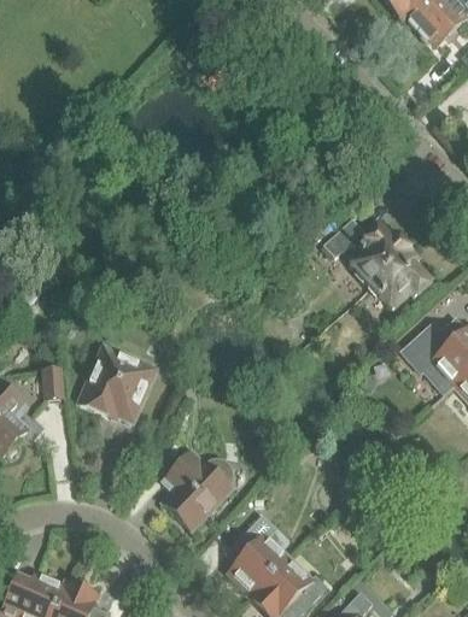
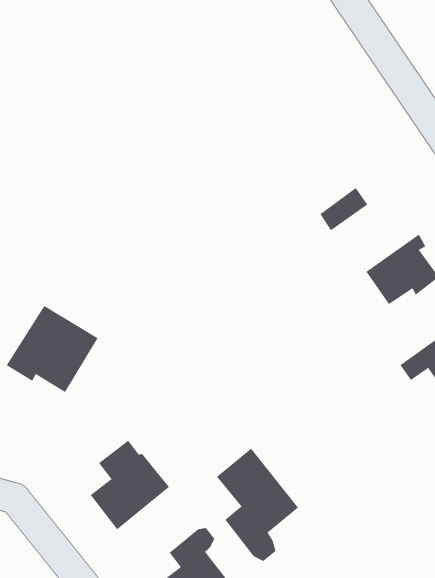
building: [346,224,410,286] -> none
building: none -> [216,443,299,562]

